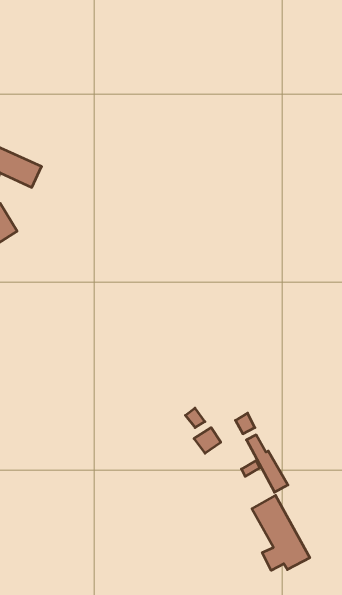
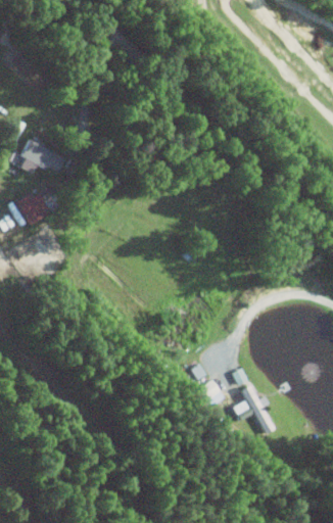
building: [252,495,310,570] -> none

